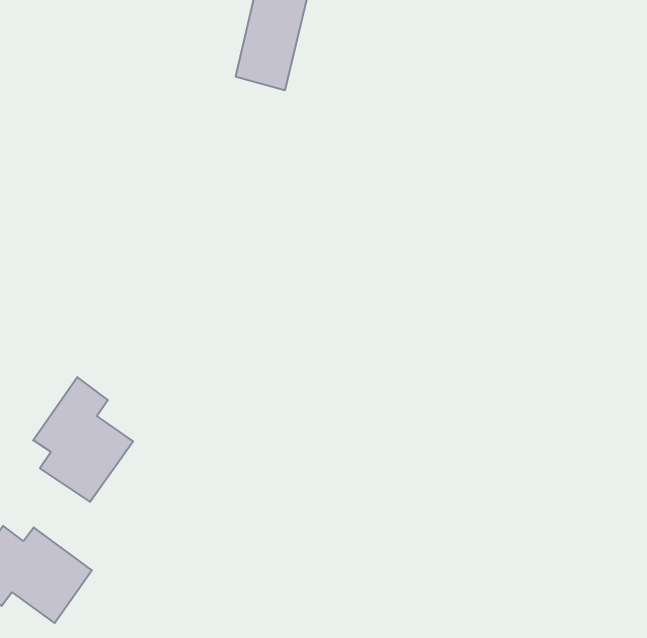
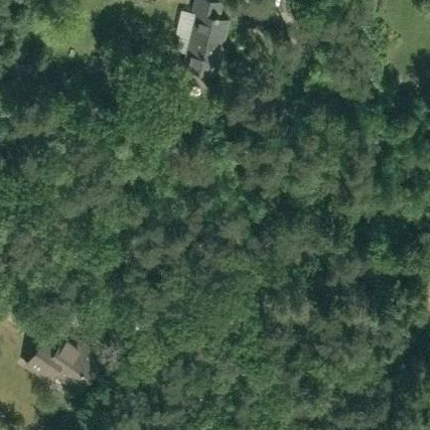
building: [33,377,133,502] -> none

